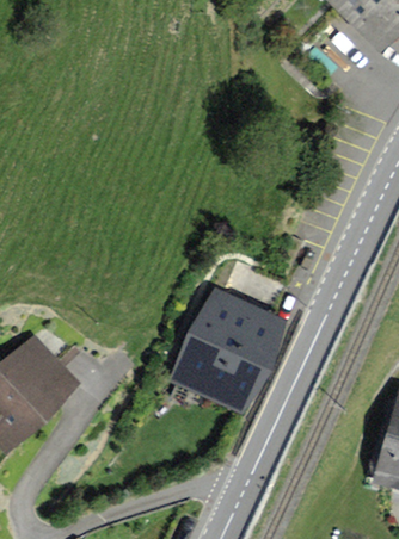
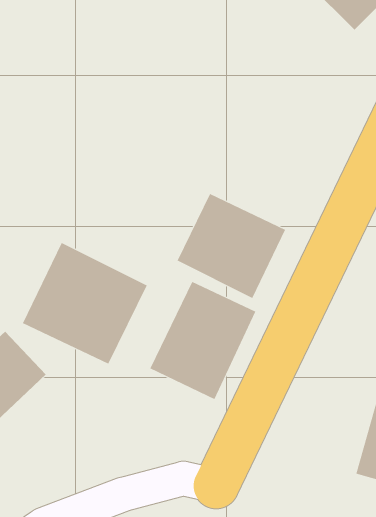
building: none -> [177,193,286,299]
building: none -> [22,242,147,364]

